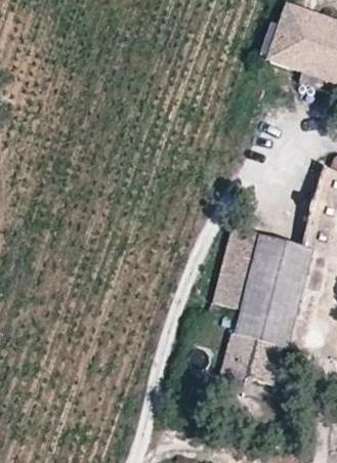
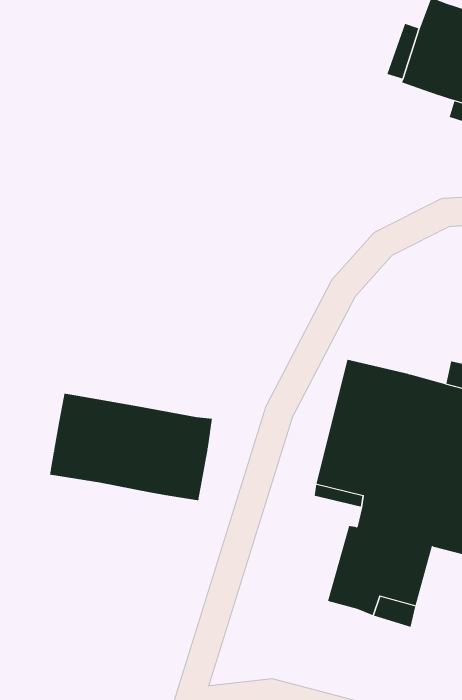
building: none -> [49,393,212,501]

